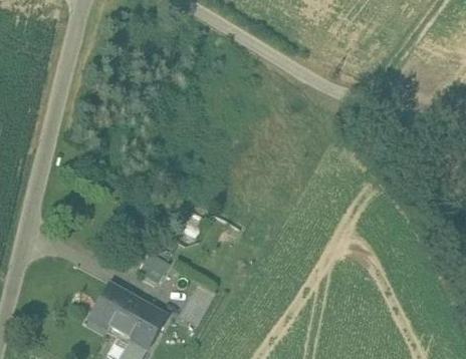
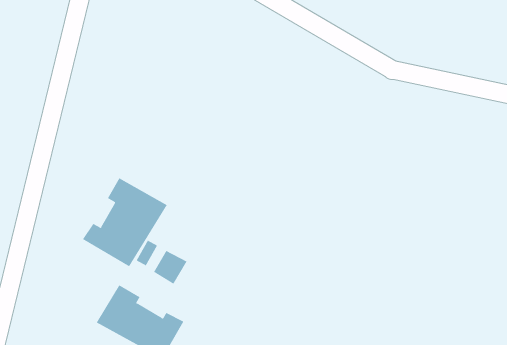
building: none -> [82,178,168,267]

